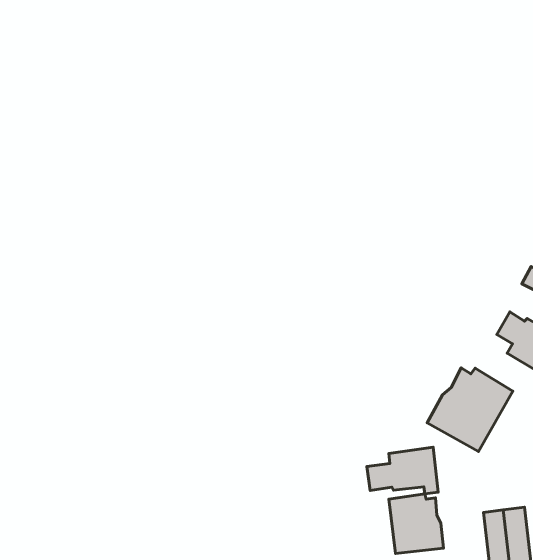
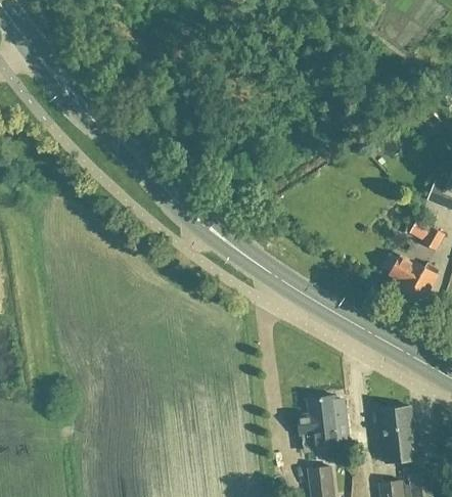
building: [427,368,513,451] -> none
building: [367,447,438,494] -> none

